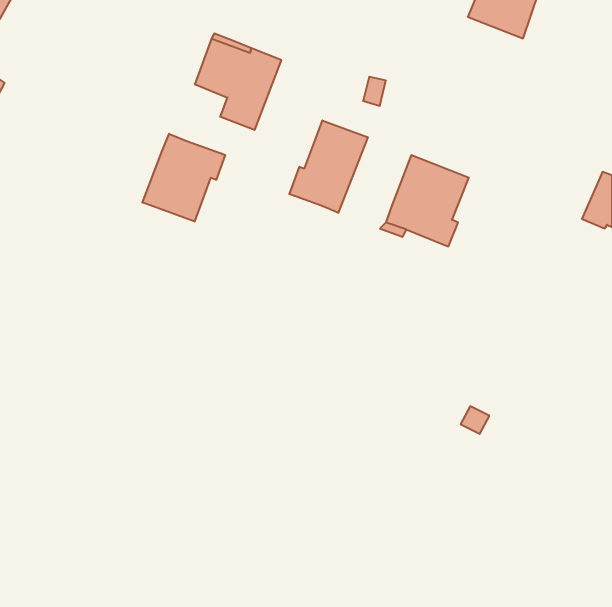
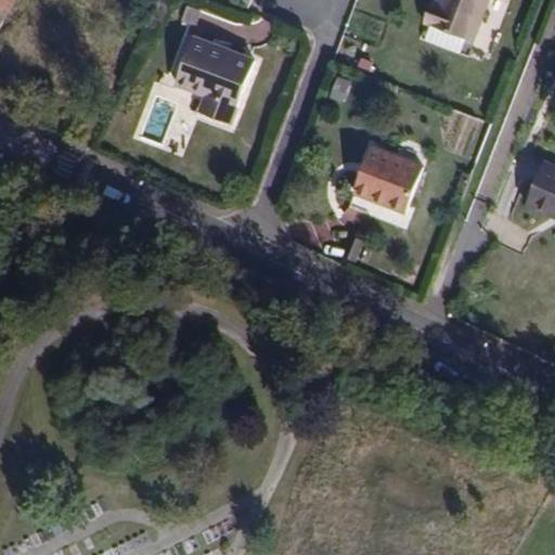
building: [289,120,368,213] -> none
building: [142,134,225,222] -> none

